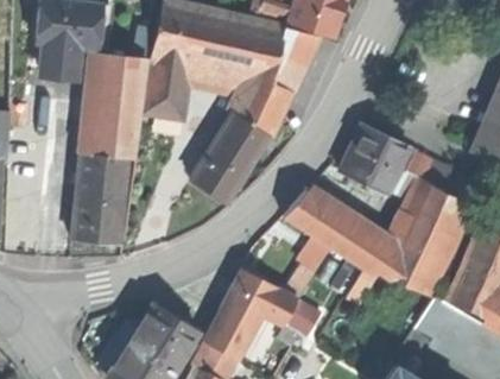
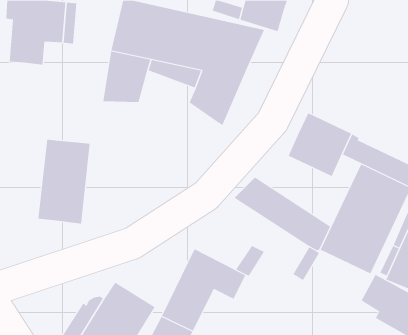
building: [91,53,145,158] -> none
building: [190,113,267,202] -> none

